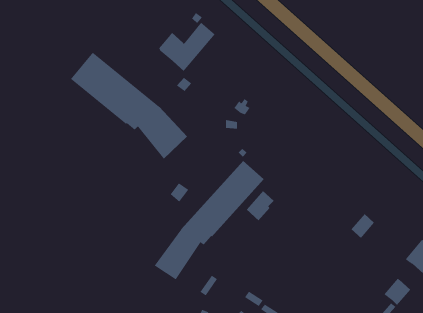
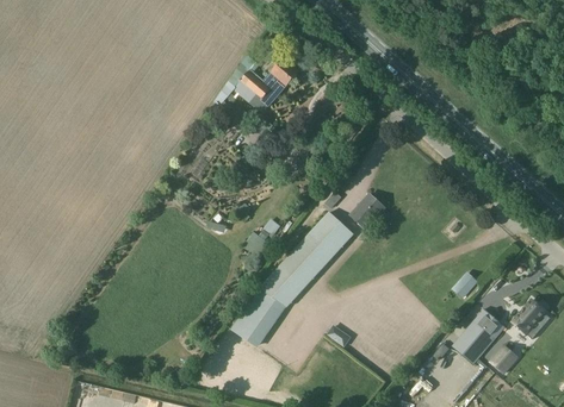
building: [70,52,188,160] -> none
building: [246,190,274,221] -> [349,194,382,228]
building: none -> [452,308,504,364]

